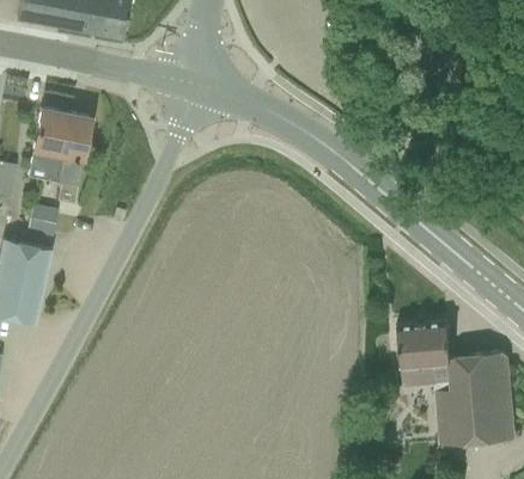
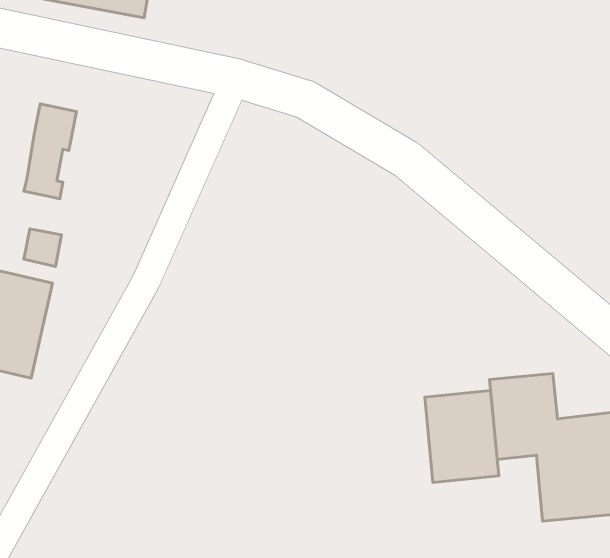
building: [54,112,91,203] -> none
building: none -> [425,390,499,482]

